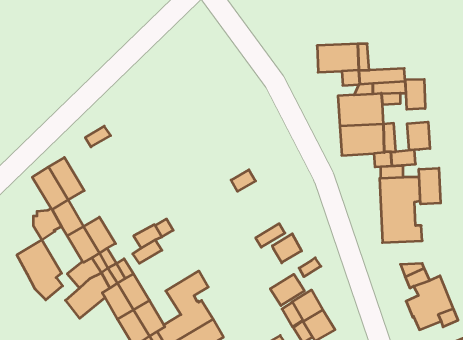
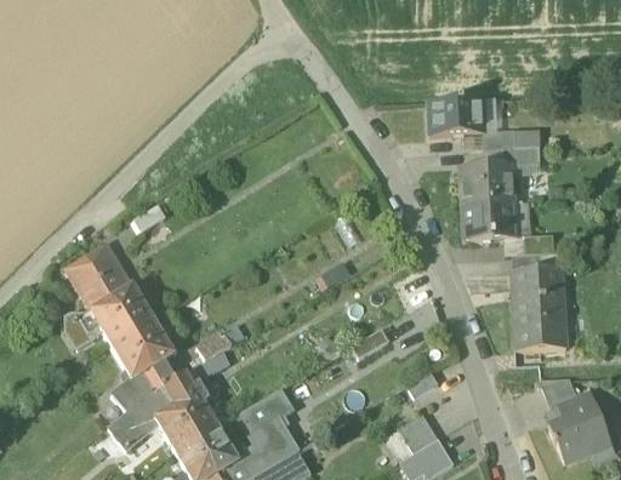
building: [406,79,425,109] -> none
building: [407,122,430,150] -> none
building: [419,168,441,204] -> none
building: none -> [113,287,153,333]
building: [272,234,302,263] -> none
building: [17,240,63,300] -> none
building: [270,274,304,306] -> none

